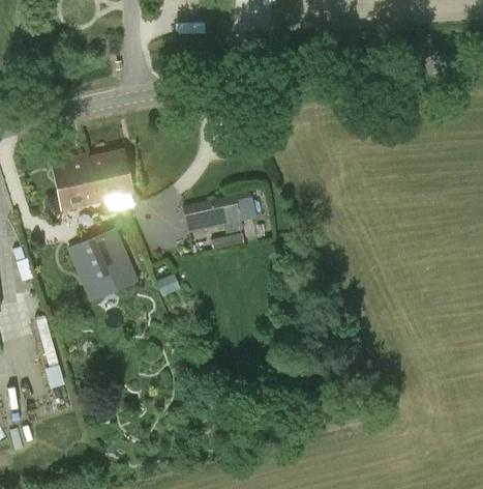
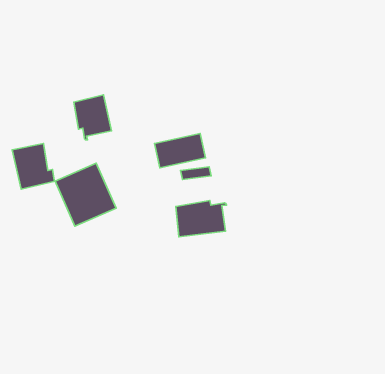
building: [53,157,102,210] -> [12,143,55,189]
building: none -> [176,201,227,237]

